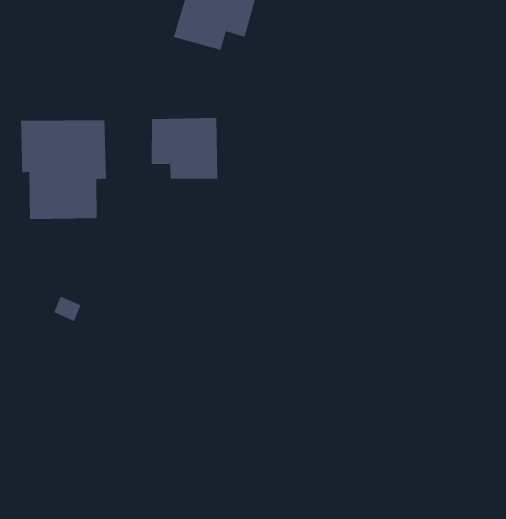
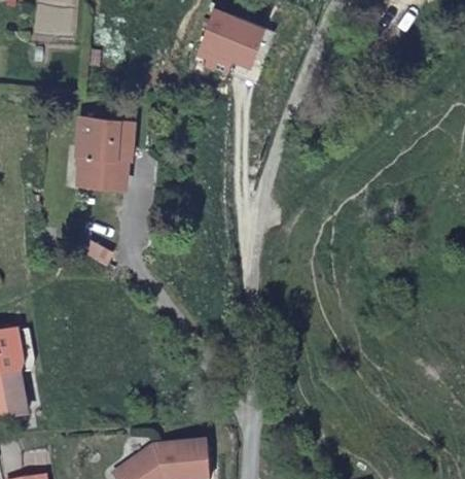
building: [151,117,218,179] -> none

